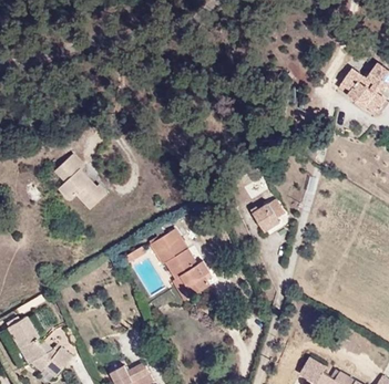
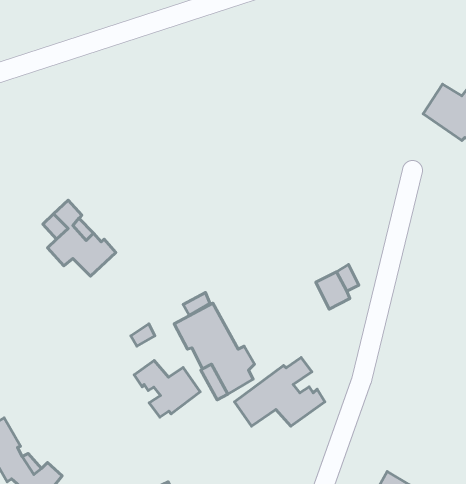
building: none -> [234,357,325,426]
building: none -> [134,360,200,417]

